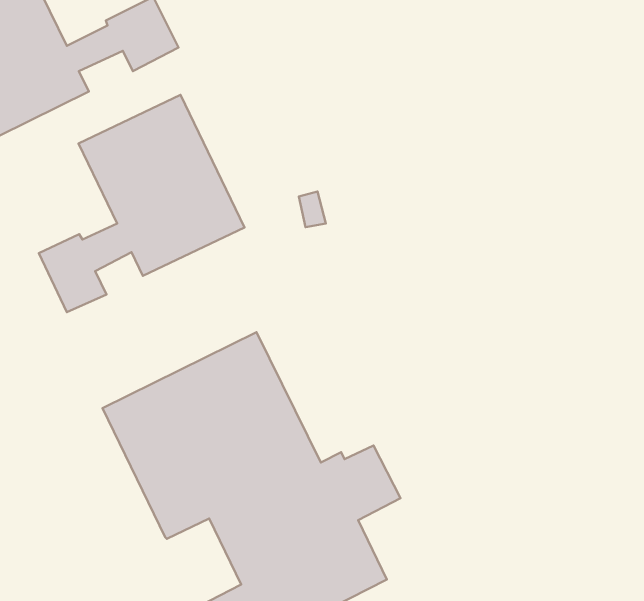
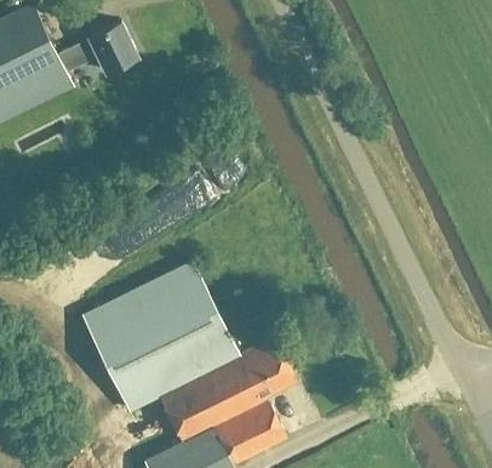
building: [39,95,245,312] -> none

